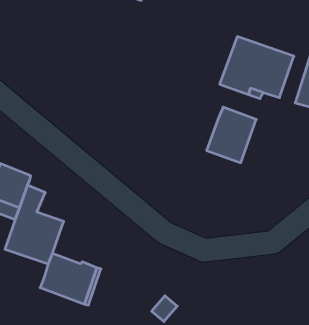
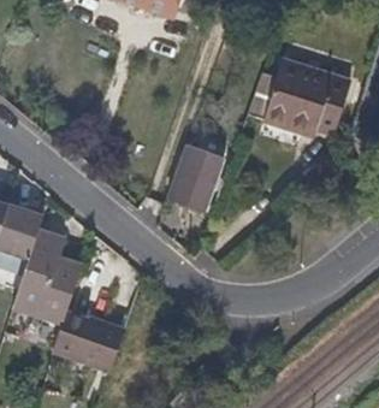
building: [207,107,256,163] -> [166,146,224,211]

